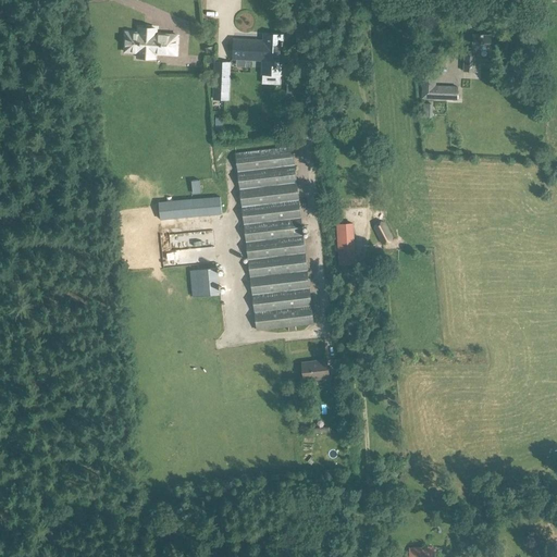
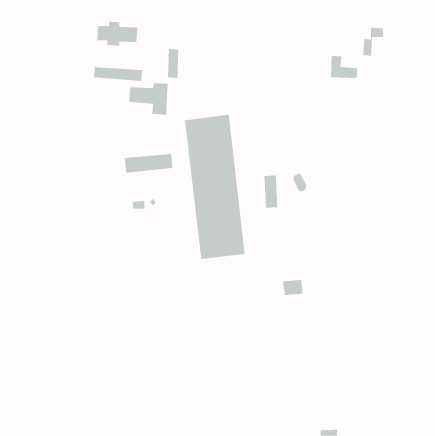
building: [232,34,283,75] -> [128,83,168,115]
building: none -> [94,66,143,82]
building: [189,268,219,297] -> none
building: [301,359,329,381] -> [282,279,304,296]

